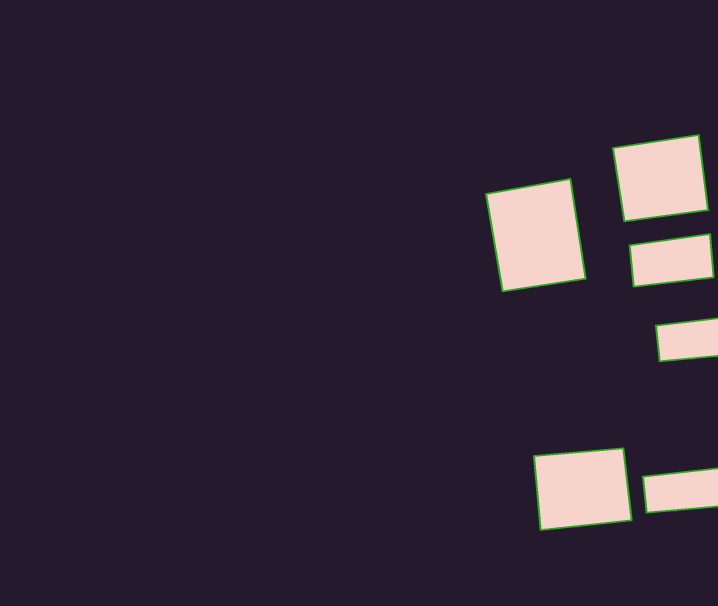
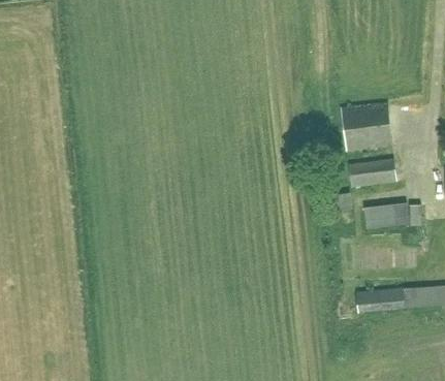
building: [486,179,585,291] -> none
building: [534,448,631,530] -> none

